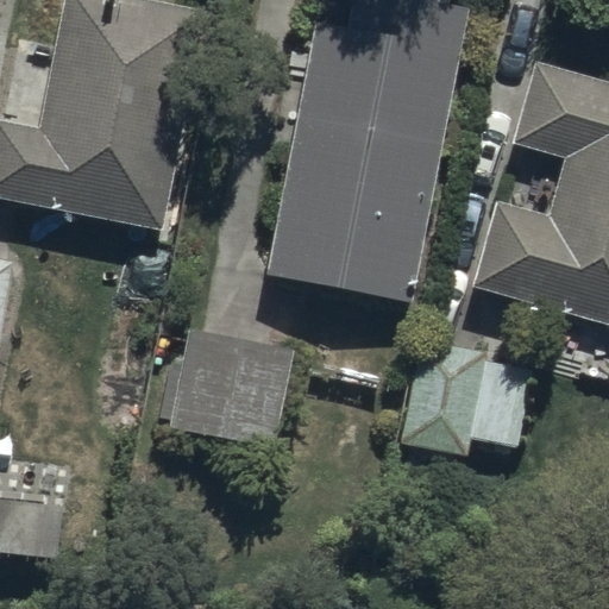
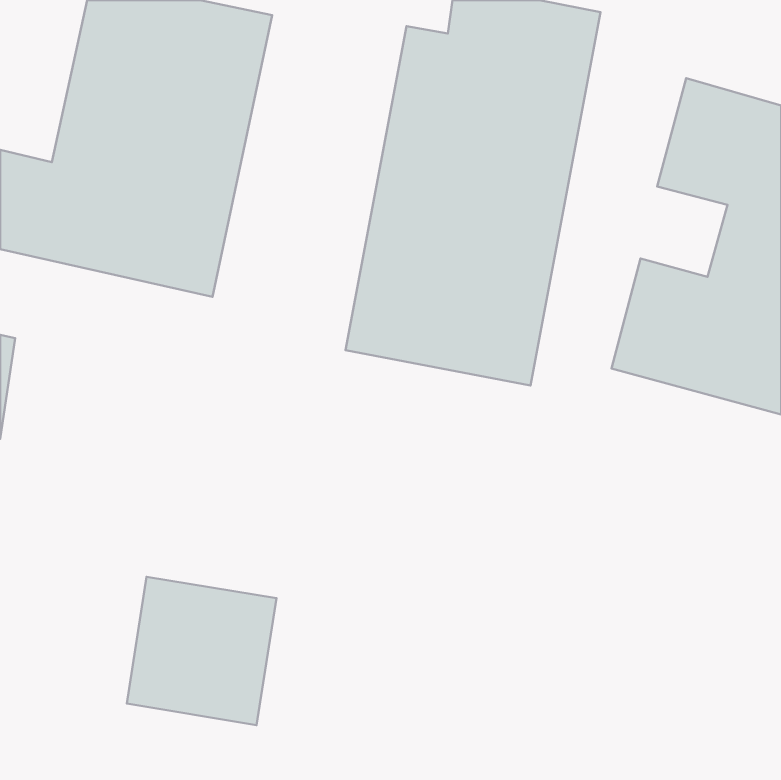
building: [171,328,288,444] -> [127,577,276,725]
building: [400,343,535,457] -> none

